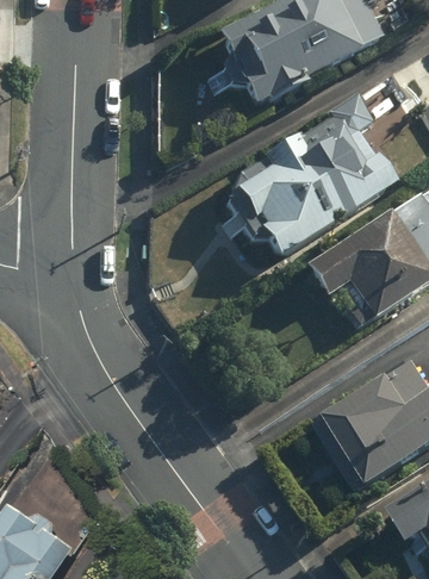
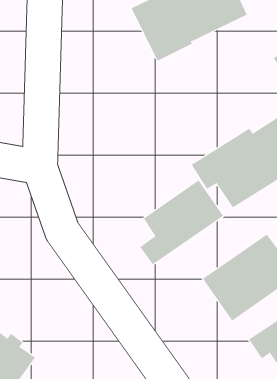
building: [216,92,387,261] -> none
building: none -> [139,180,224,265]

